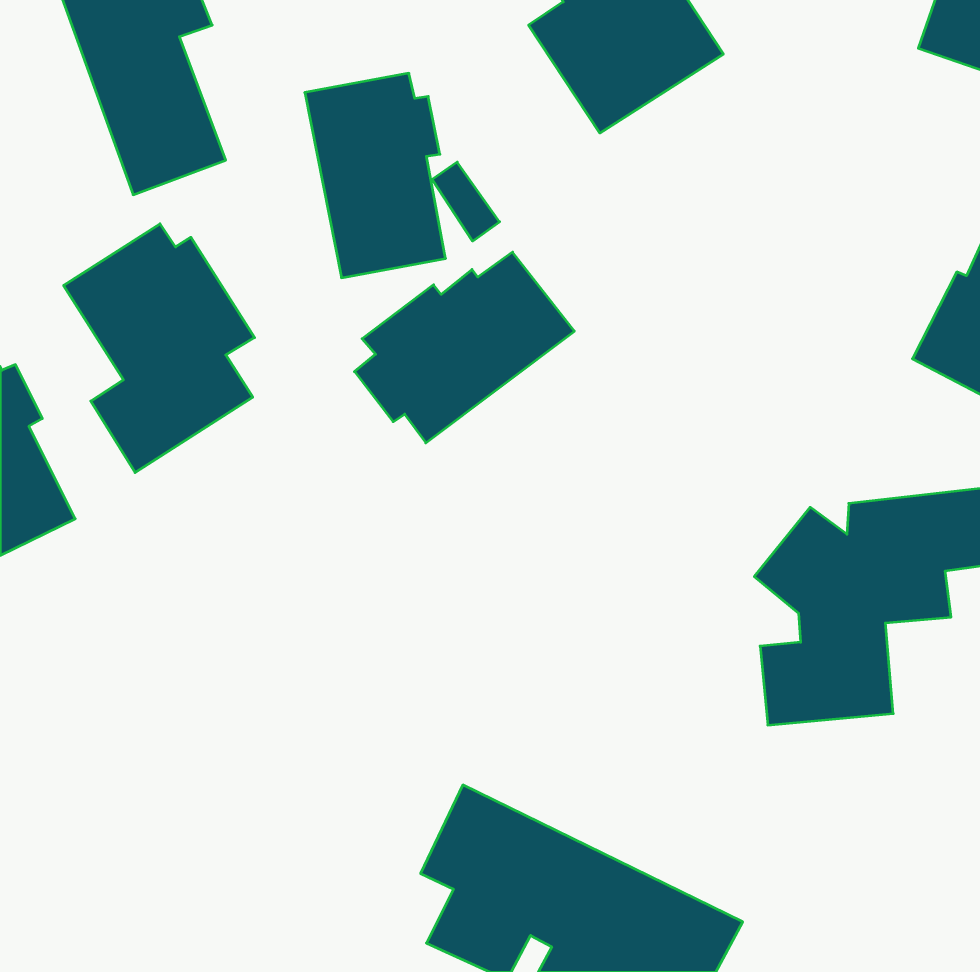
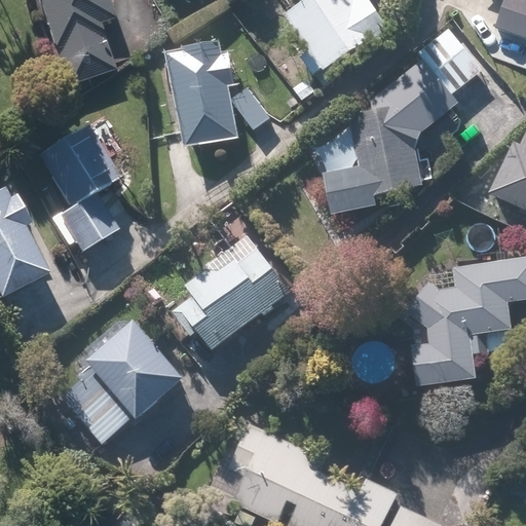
building: none -> [310,26,484,216]
building: [354,252,574,443] -> [172,249,289,350]
building: none -> [48,320,183,448]

